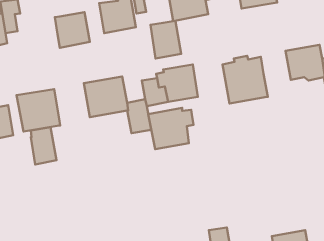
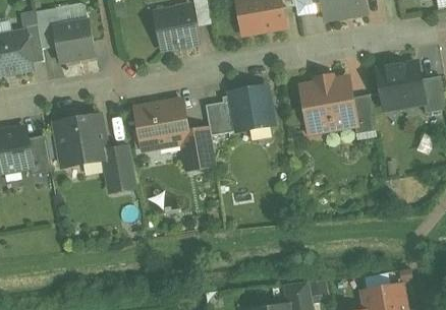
building: [55,12,90,48] -> [53,19,95,62]
building: [150,21,181,58] -> none
building: none -> [350,94,375,133]
building: [148,108,193,149] -> none
building: [31,127,56,165] -> [106,146,136,191]

